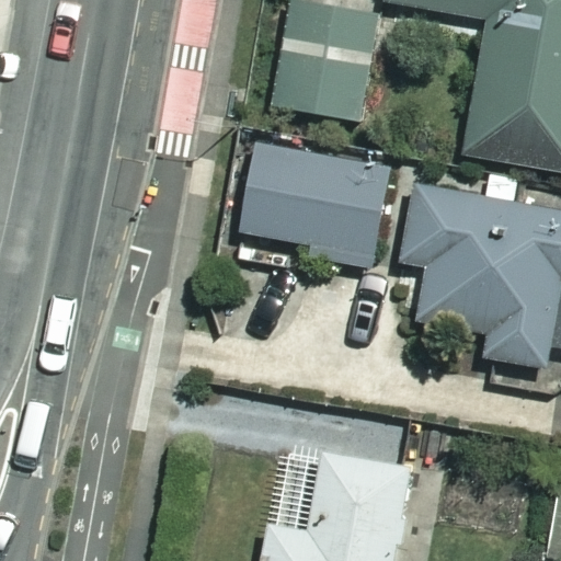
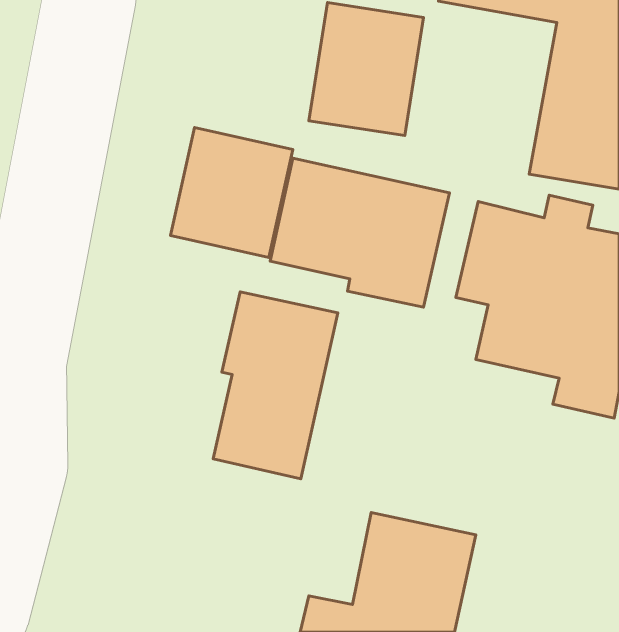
building: none -> [170,128,293,257]
building: none -> [213,292,338,479]

